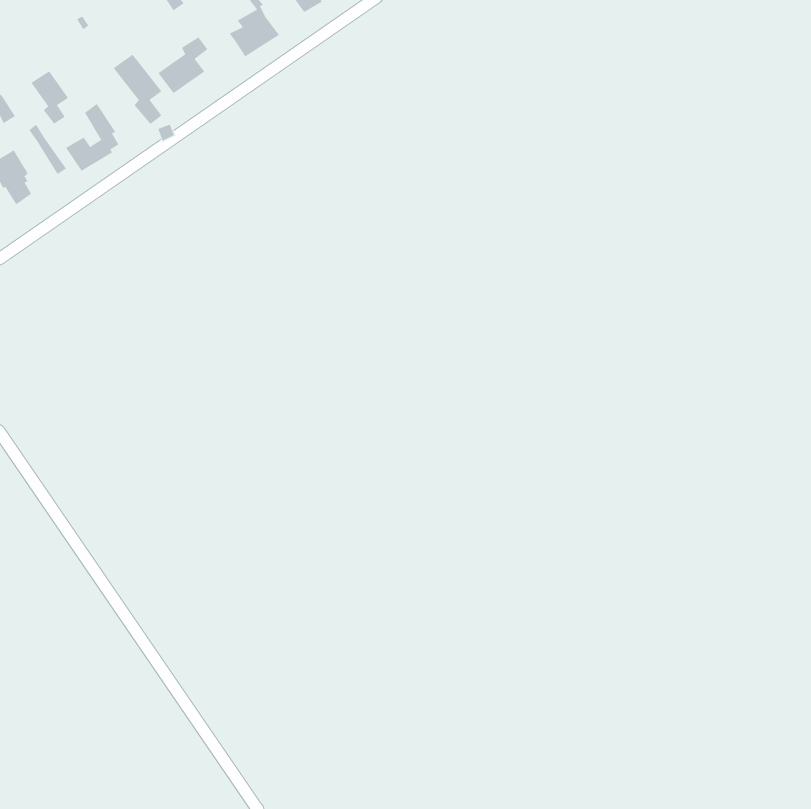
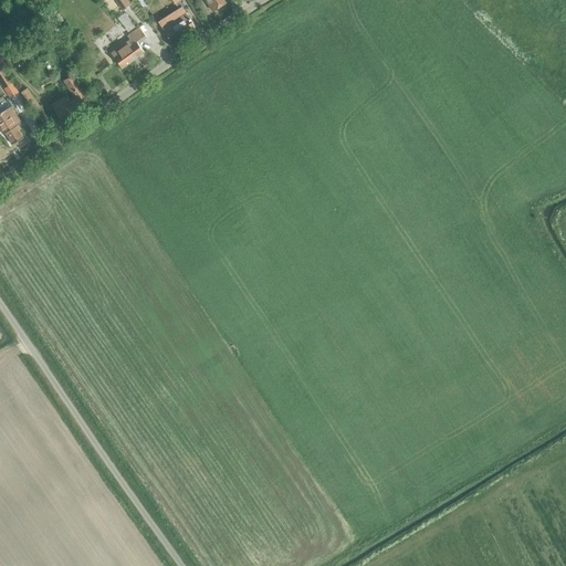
building: [113,54,162,125] -> none
building: [31,70,69,125] -> none

